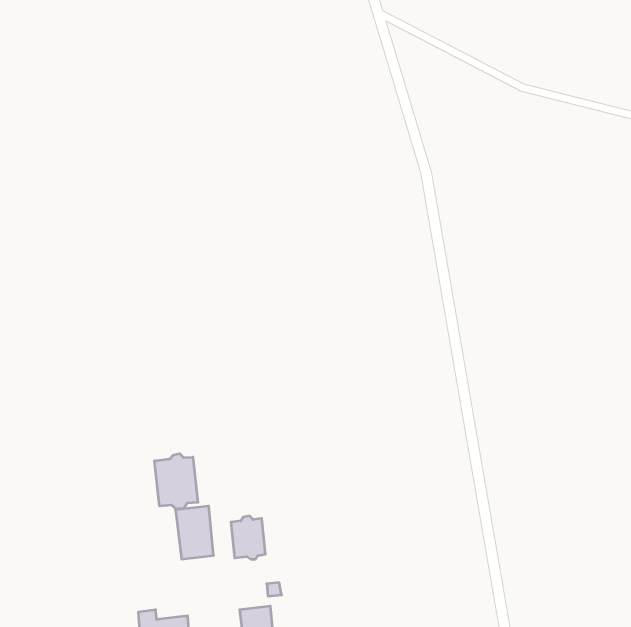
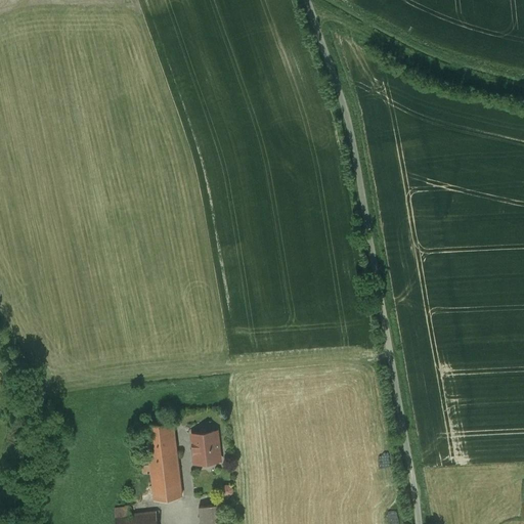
building: [155,454,198,509] -> none
building: none -> [141,464,181,501]

